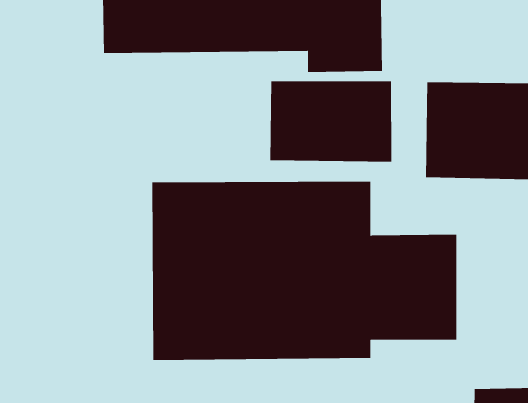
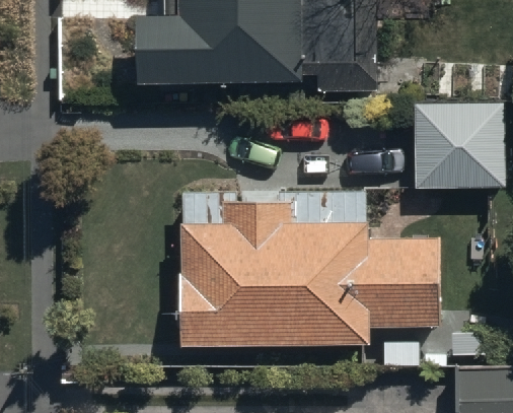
building: [270,80,392,162] -> none

